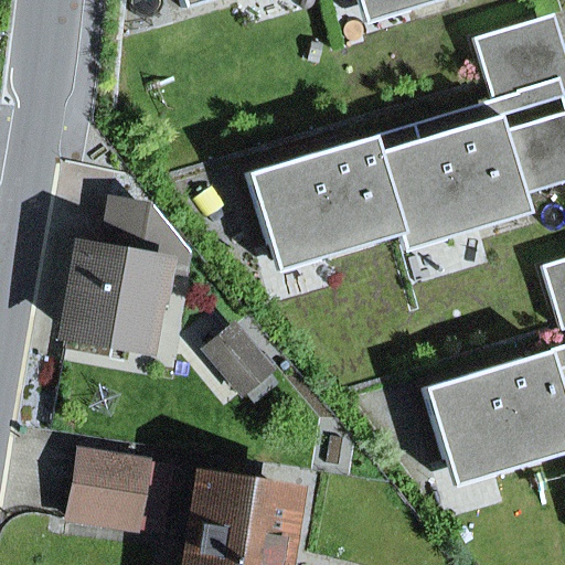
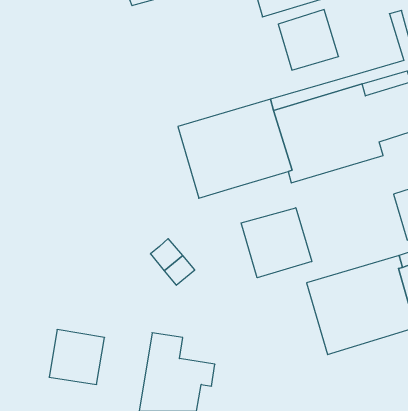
building: [476,19,558,102] -> [278,10,339,70]
building: [72,203,186,341] -> none
building: none -> [241,208,312,278]

